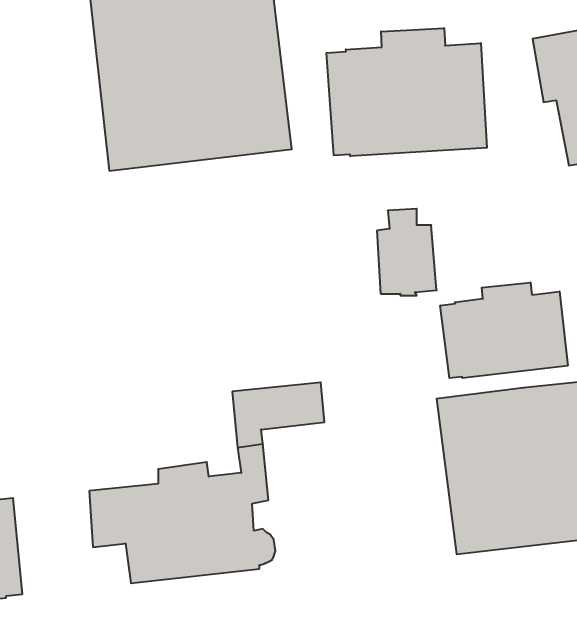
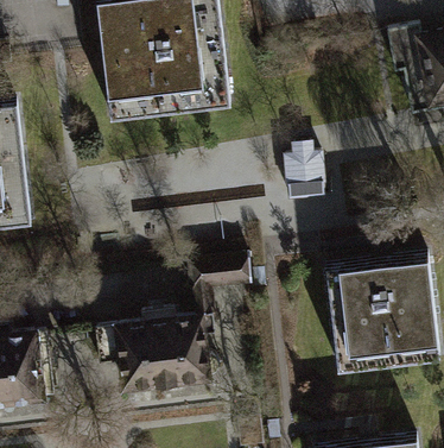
building: [326,28,487,156] -> none
building: [440,282,568,378] -> none

